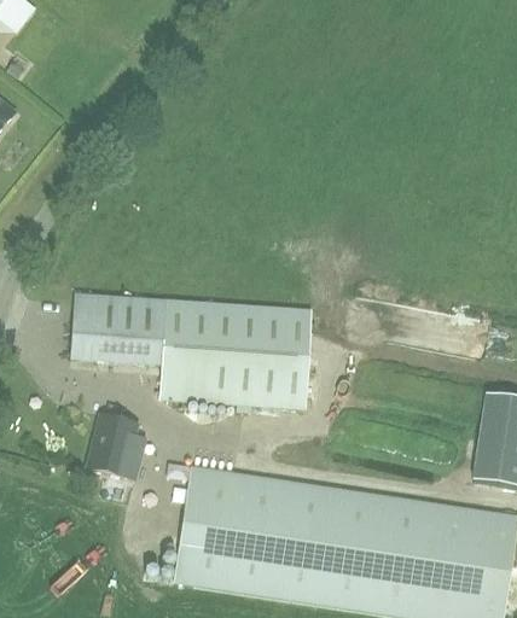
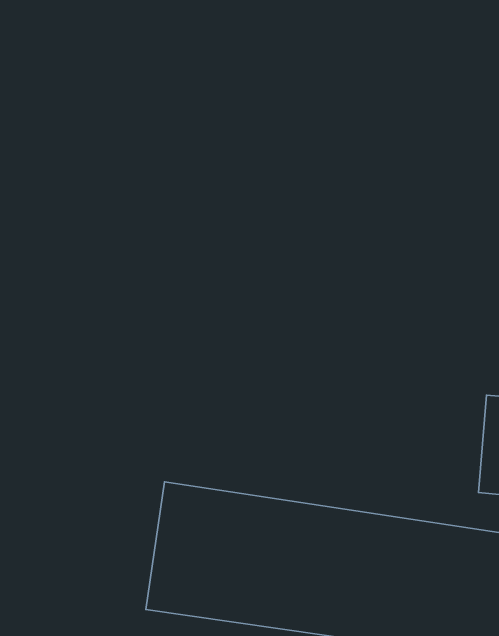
building: [70,295,310,409] -> none
building: [87,415,143,479] -> none

